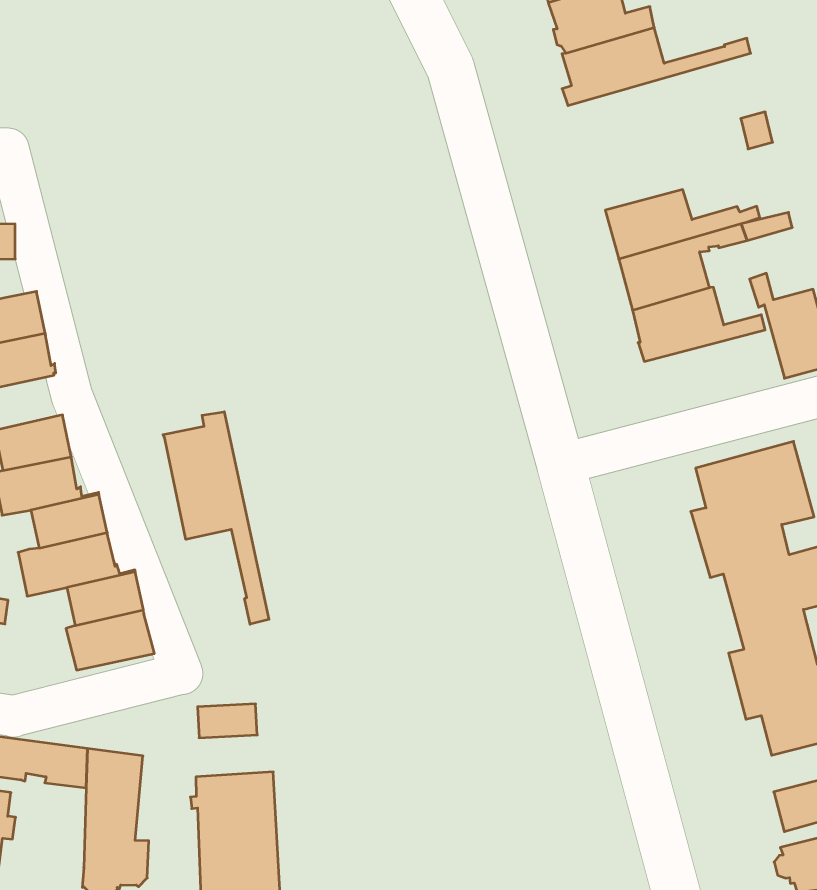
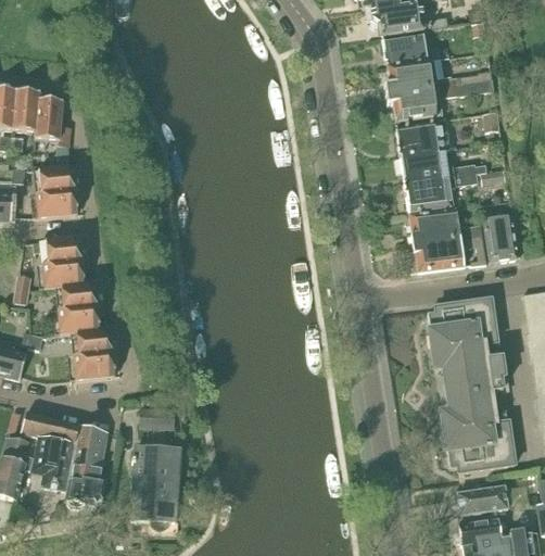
building: none -> [386,78,494,122]
building: none -> [396,118,451,156]
building: none -> [407,233,486,270]
building: [163,412,269,624] -> none
building: none -> [29,433,74,490]

